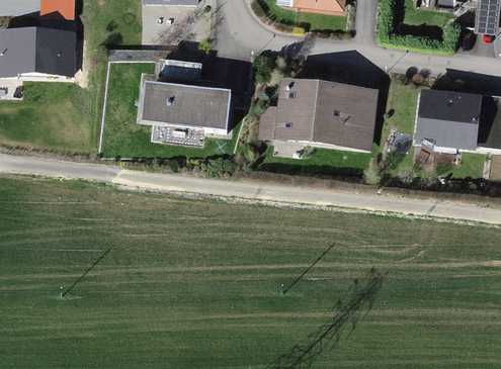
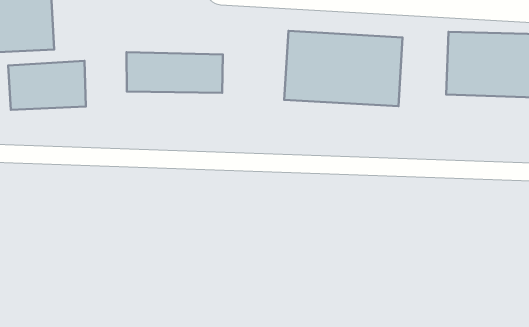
building: none -> [8,61,86,110]

